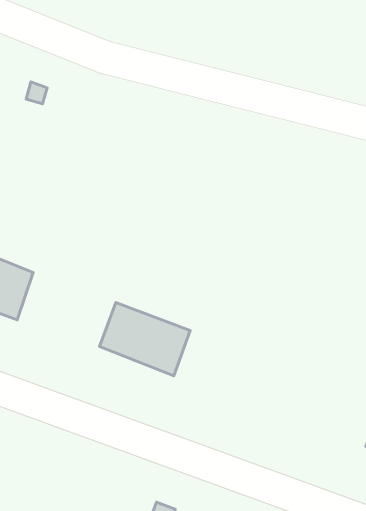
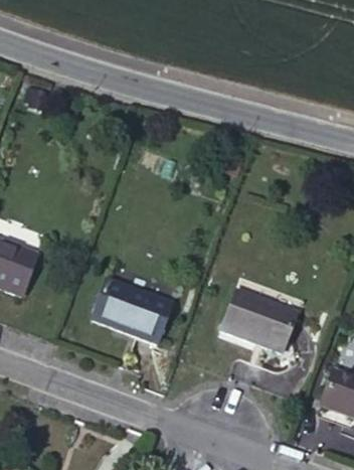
building: none -> [224,290,296,350]

